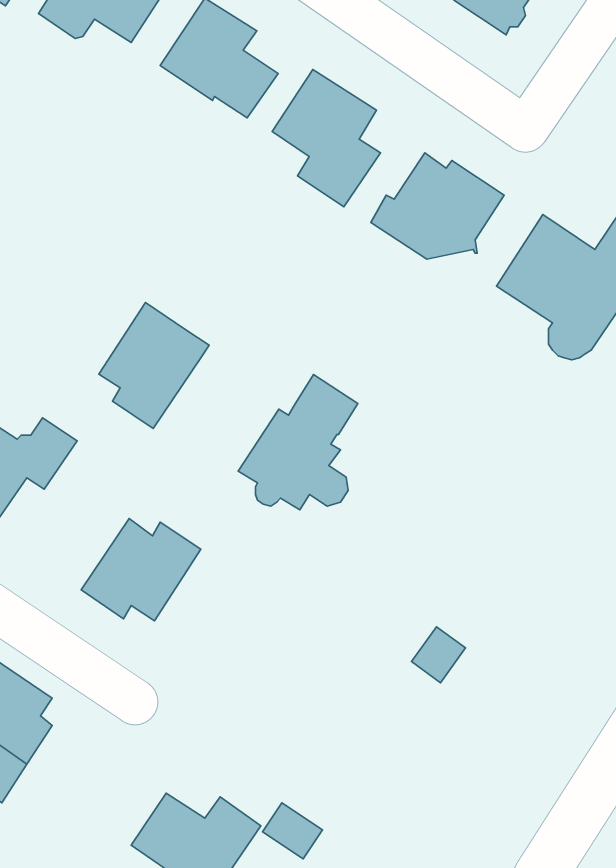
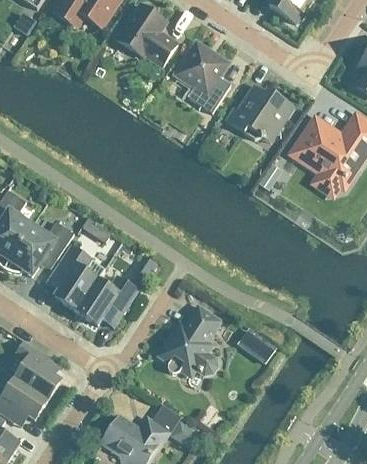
building: [99,303,209,428] -> [48,245,105,310]
building: [238,374,358,510] -> [159,305,221,375]

